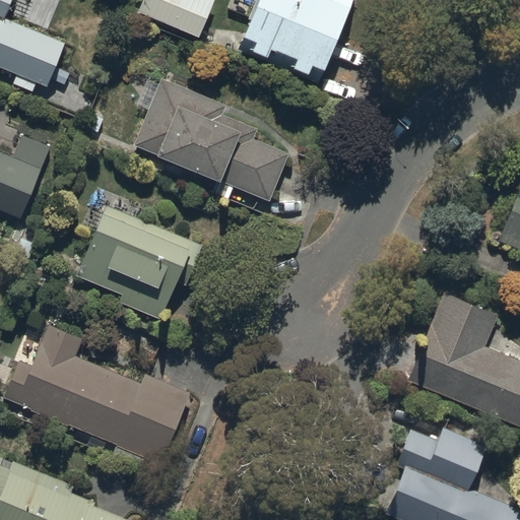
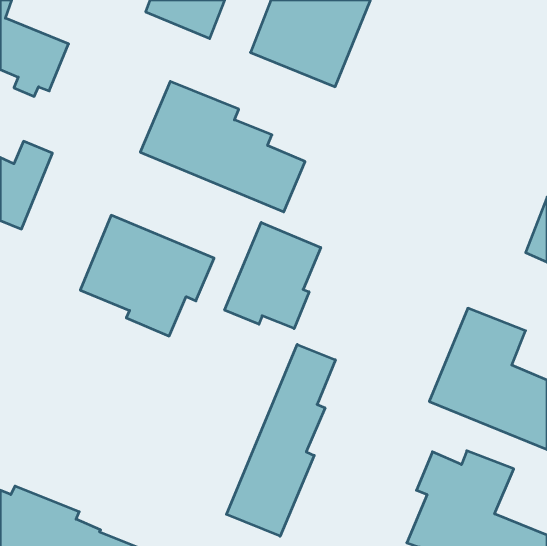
building: none -> [225,222,321,329]
building: [4,325,190,464] -> none
building: none -> [226,344,335,536]

